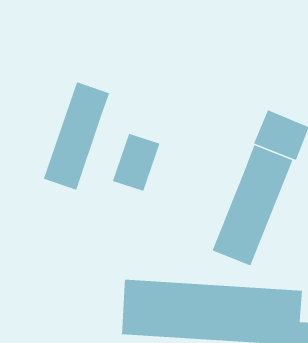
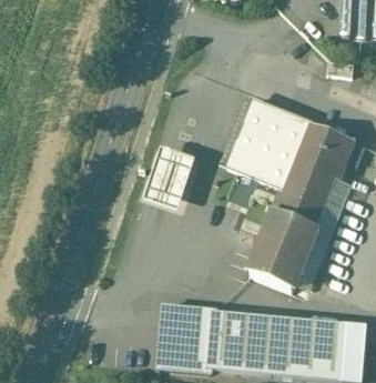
building: [43,81,110,191] -> none
building: none -> [226,101,309,190]

